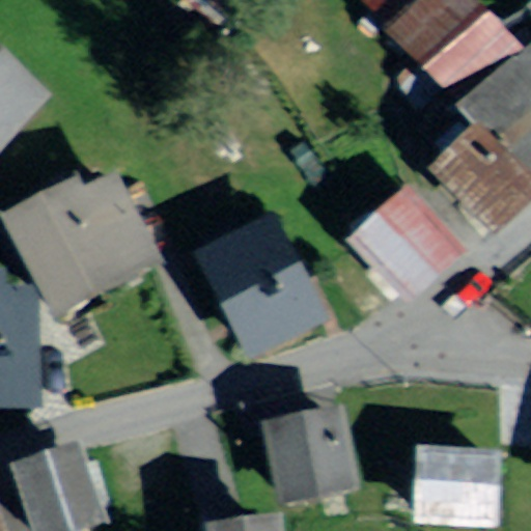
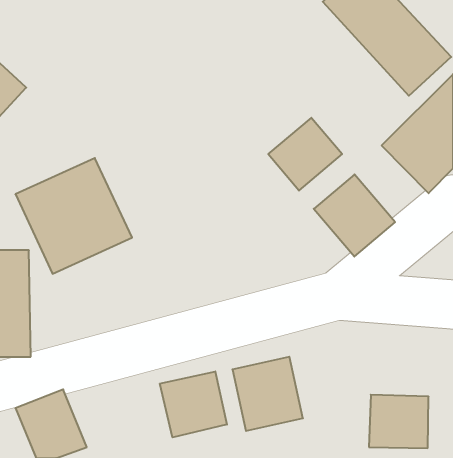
building: none -> [268,118,342,191]
building: [205,224,313,344] -> none
building: none -> [160,371,227,437]

